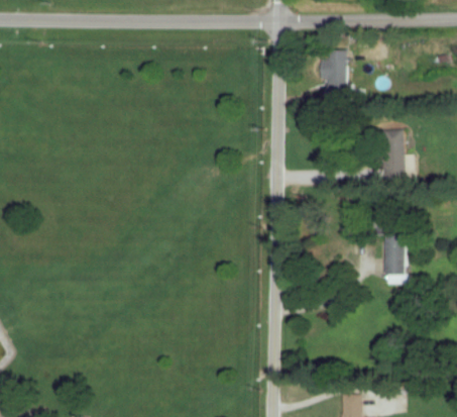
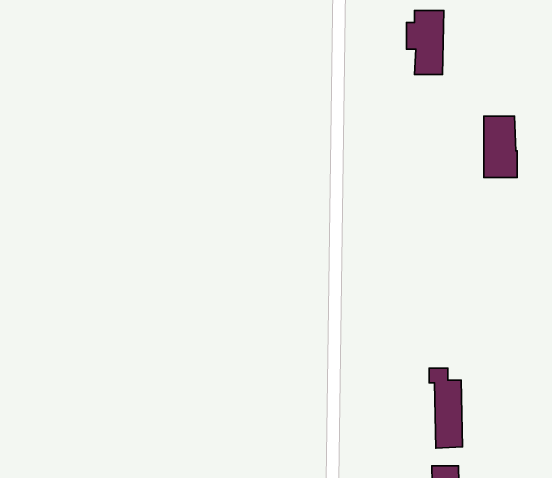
building: [381,224,407,285] -> [429,368,462,448]

